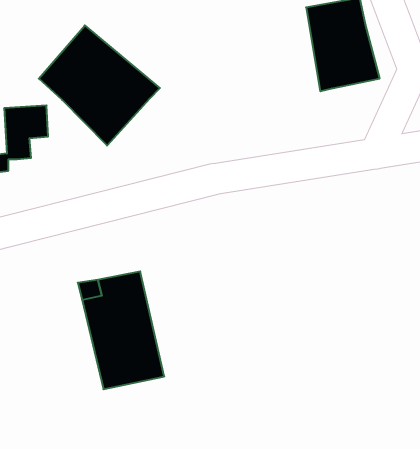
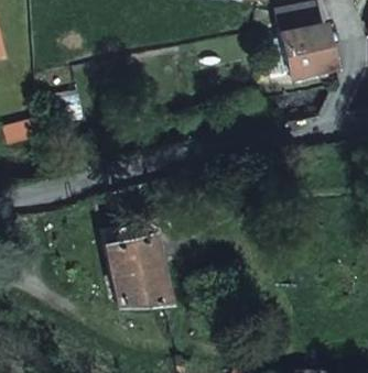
building: [39,25,160,146] -> none

